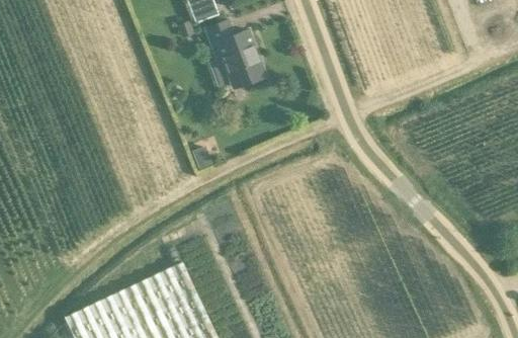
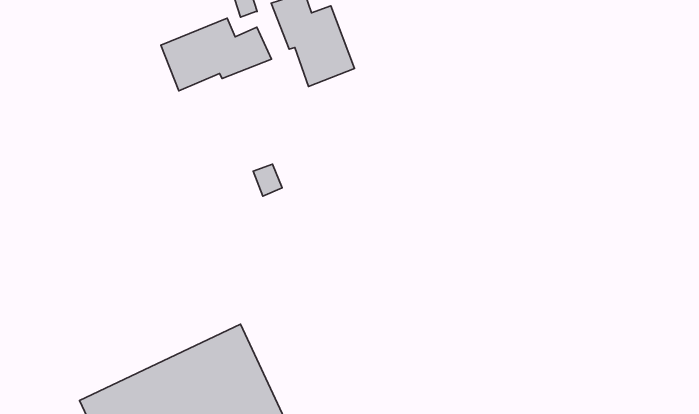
building: none -> [161,18,272,91]

